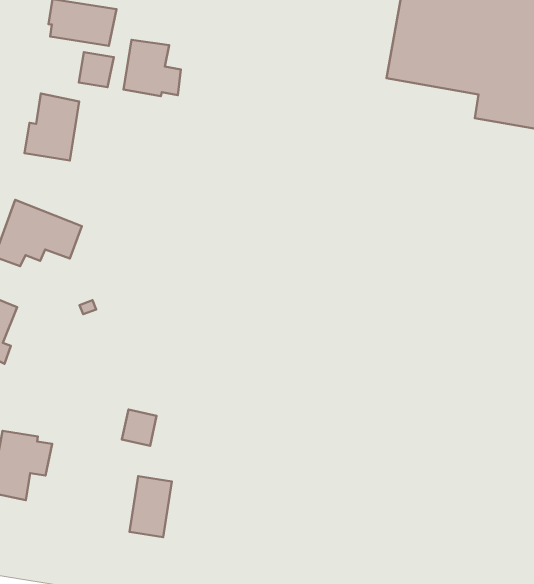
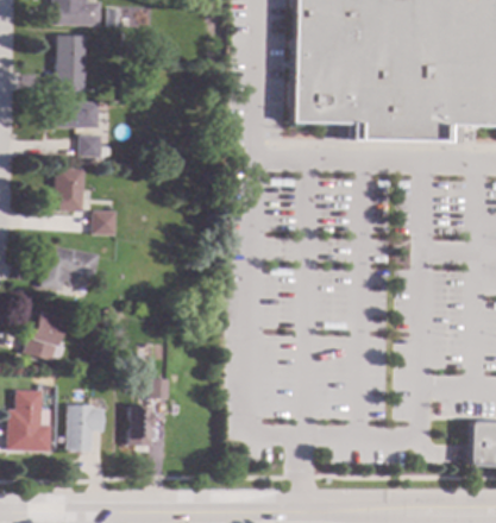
building: [123,40,181,96] -> none
building: none -> [94,210,118,235]
building: [129,476,172,537] -> [130,407,153,446]

